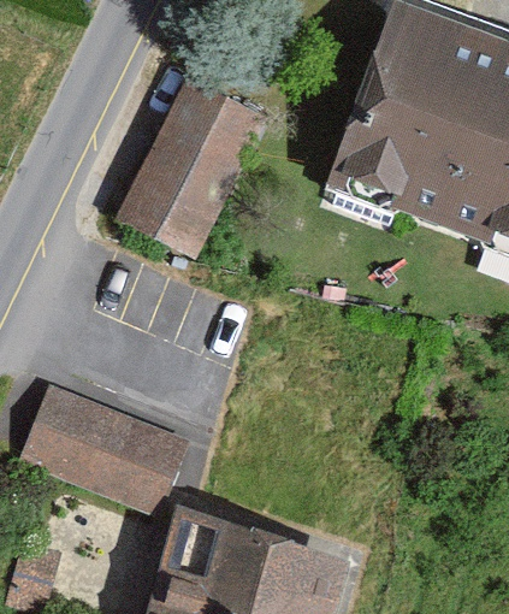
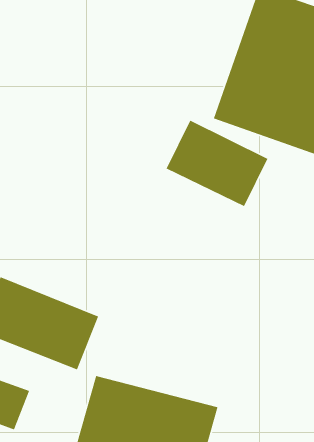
building: [118,82,256,250] -> none
building: none -> [165,120,268,207]

